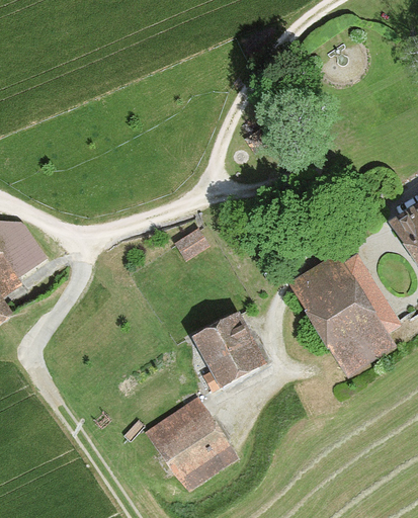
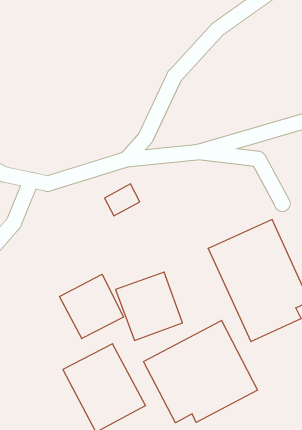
building: none -> [60,274,124,339]
building: none -> [144,320,257,423]

